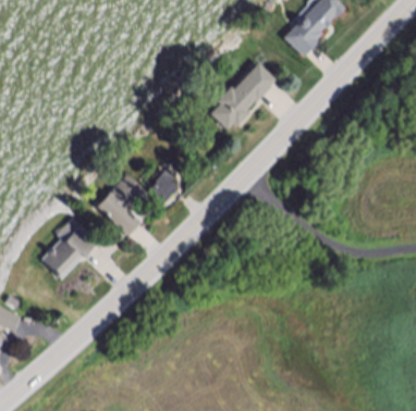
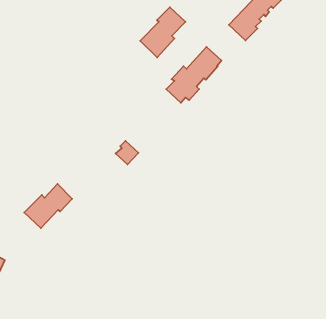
building: none -> [140,7,186,57]
building: [96,174,142,236] -> none

